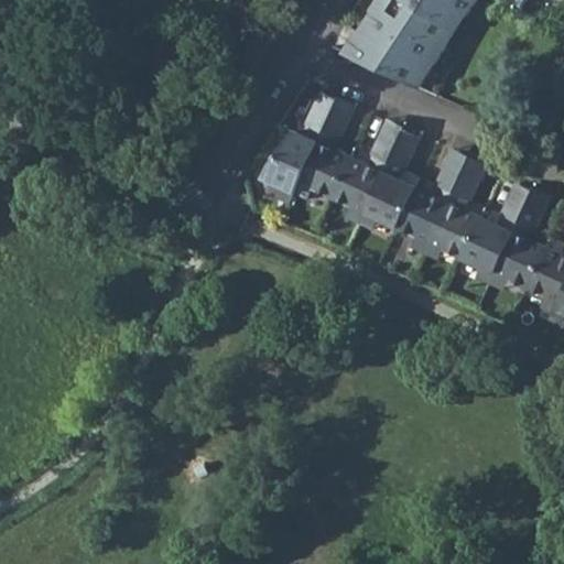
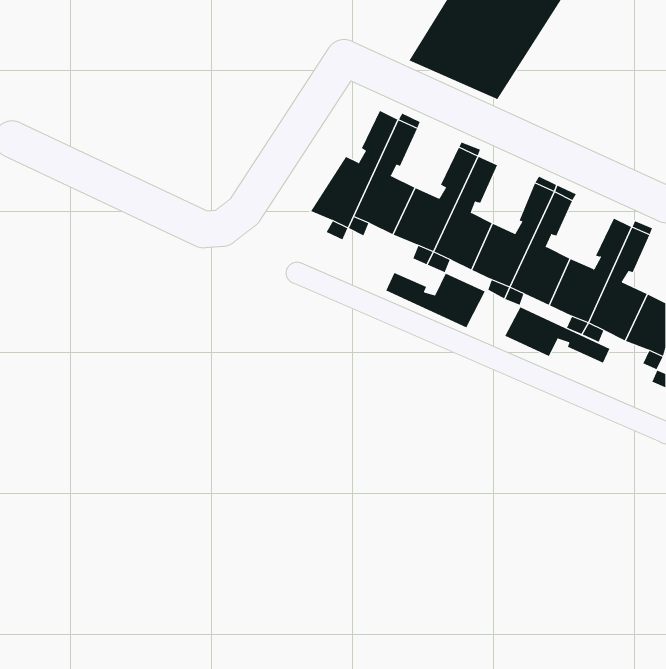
building: none -> [386,272,485,328]
building: none -> [504,307,610,363]

